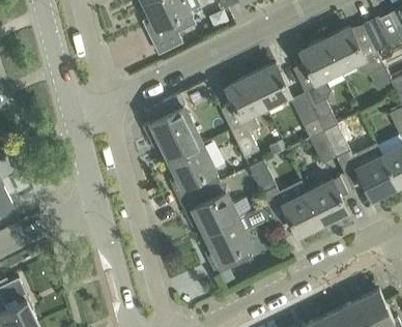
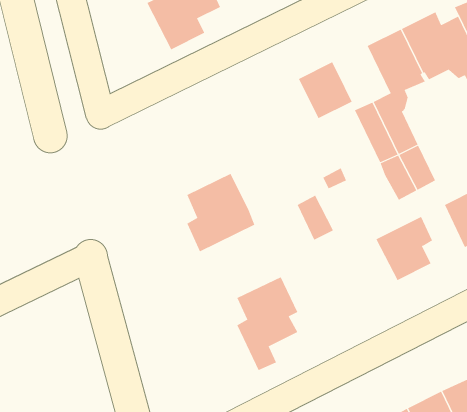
building: [220,76,264,156] -> none
building: [142,106,201,159] -> none
building: [178,181,251,234] -> none
building: [282,191,321,234] -> none

